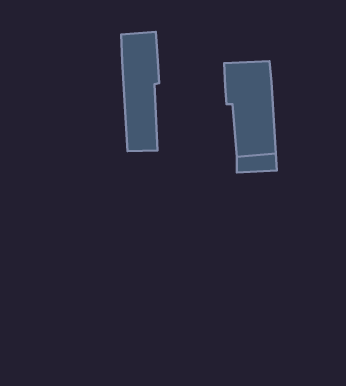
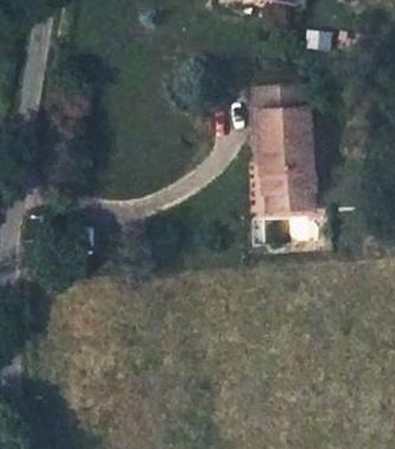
building: [121,32,159,151] -> none

